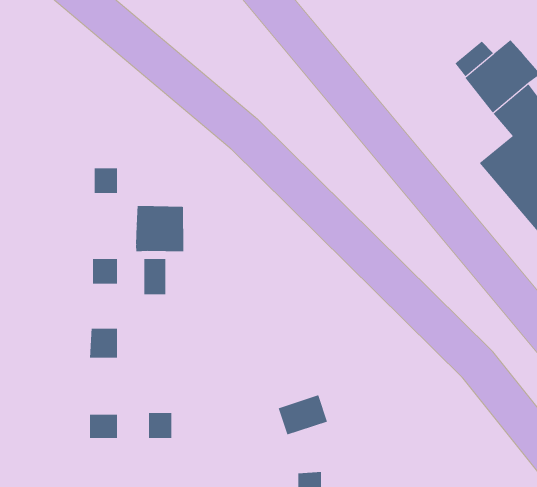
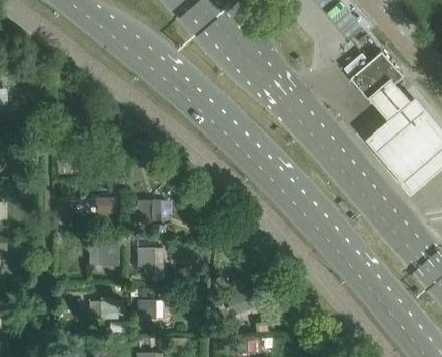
building: [136,205,184,252] -> none
building: none -> [140,250,164,270]

